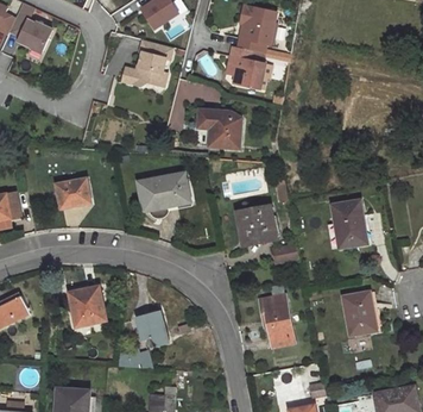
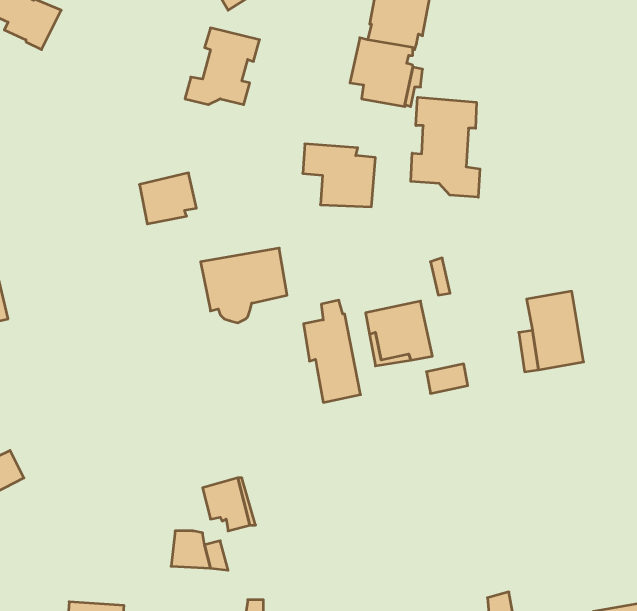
building: none -> [411,97,480,197]
building: [55,177,89,208] -> [139,173,196,224]
building: [259,285,293,347] -> [304,300,361,402]
building: [68,286,105,325] -> none
building: [343,291,375,333] -> none

